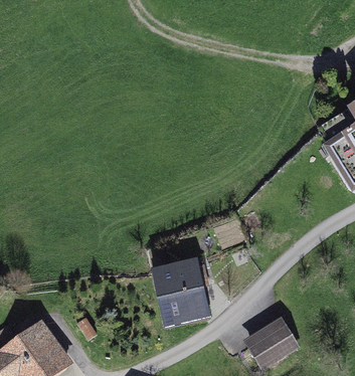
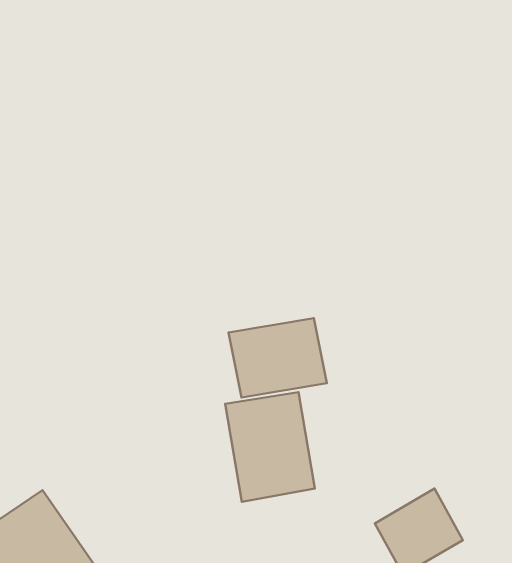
building: none -> [228,318,327,398]

